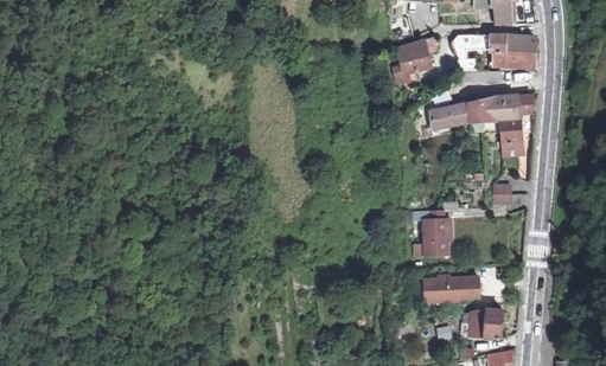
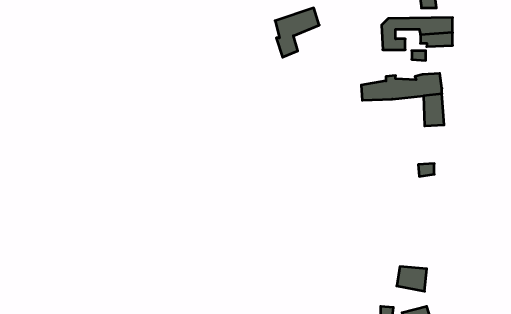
building: [400,34,448,89] -> [275,8,319,57]
building: [429,212,458,258] -> none
building: [429,274,485,298] -> none

